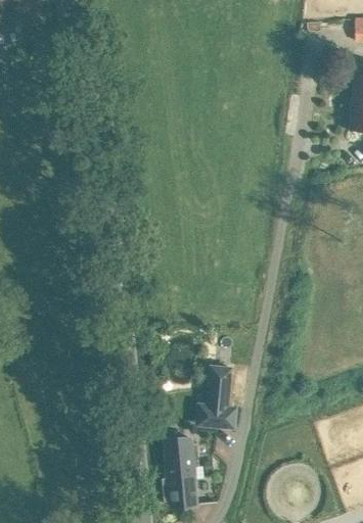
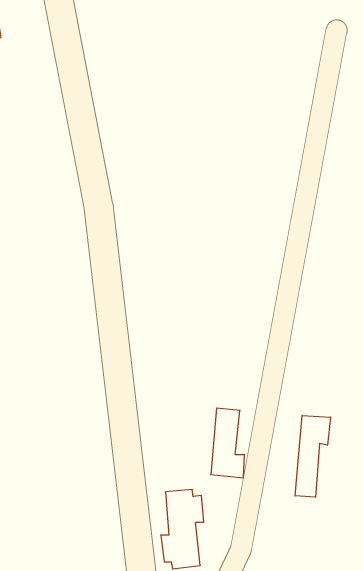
building: none -> [295,415,331,497]

